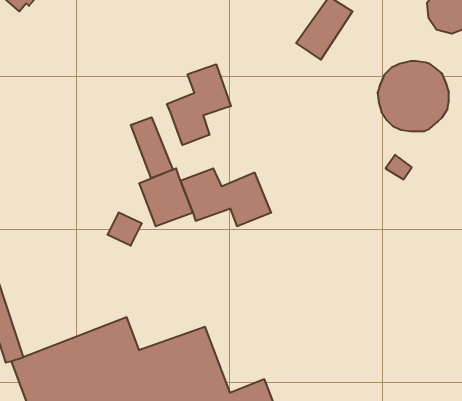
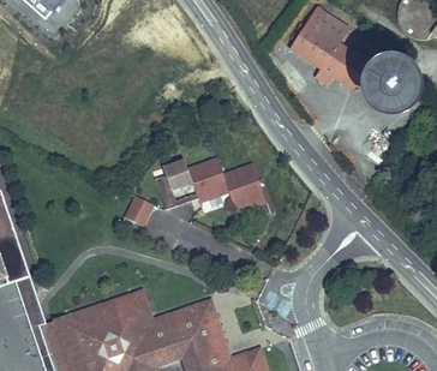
building: none -> [309,19,369,89]
building: [167,64,231,145] -> none
building: [131,117,173,178] -> none

